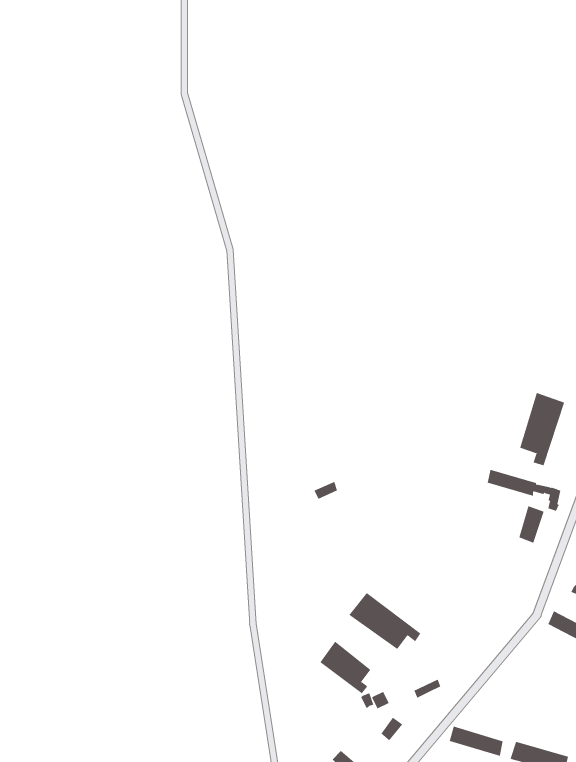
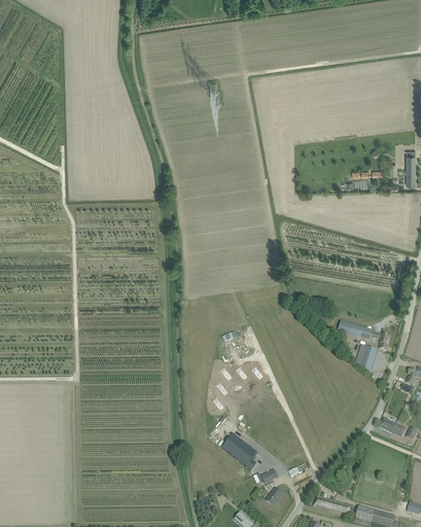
building: [519,392,565,466] -> none
building: [349,592,421,650] -> none

